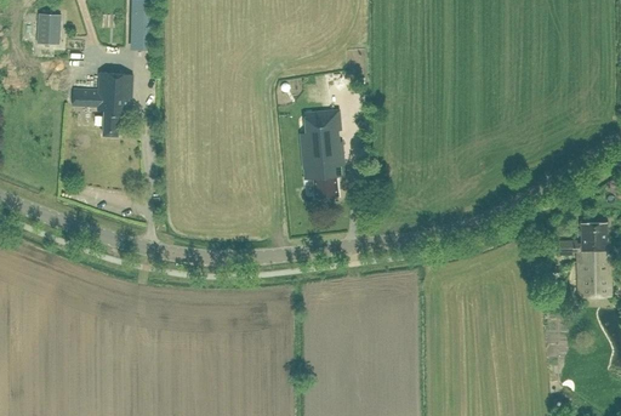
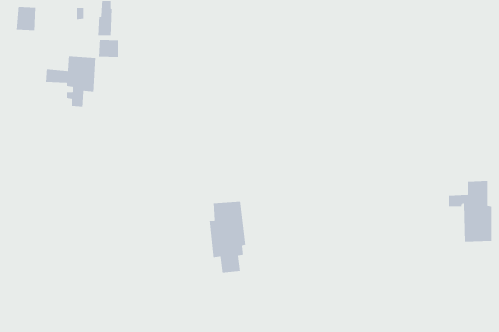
building: none -> [98,39,119,58]
building: [298,109,343,196] -> [209,201,246,273]

